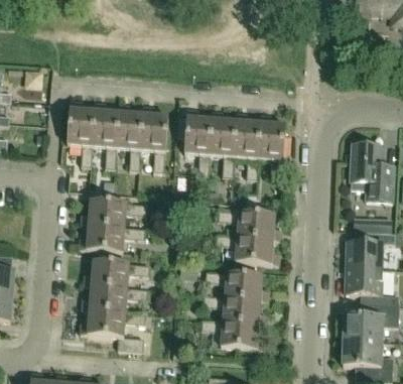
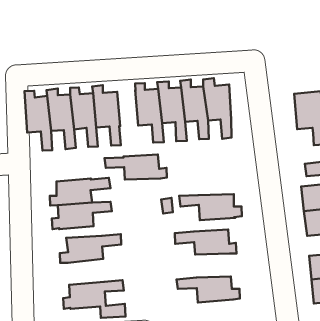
building: [219,209,282,238] -> [104,155,167,180]
building: [81,285,148,310] -> none
building: [204,294,267,324] -> none

